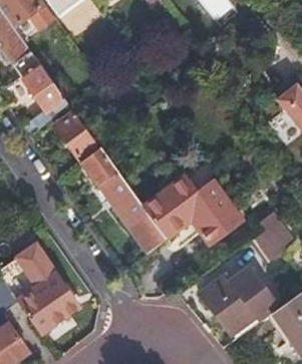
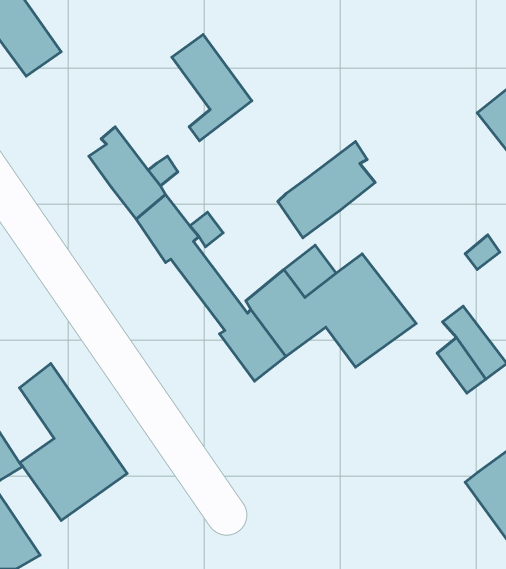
building: [23,67,69,128] -> [172,35,252,141]
building: none -> [278,142,375,238]
building: [201,270,280,330] -> none

